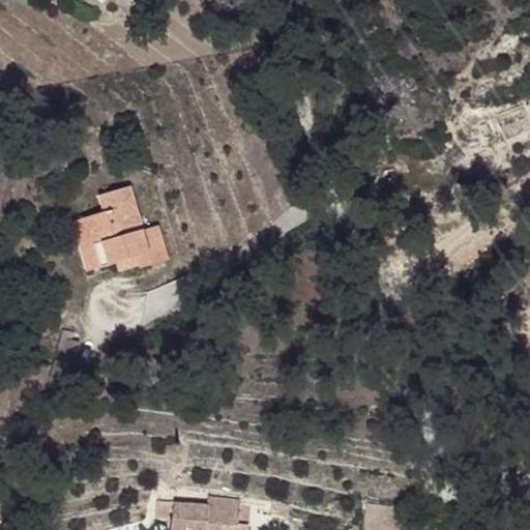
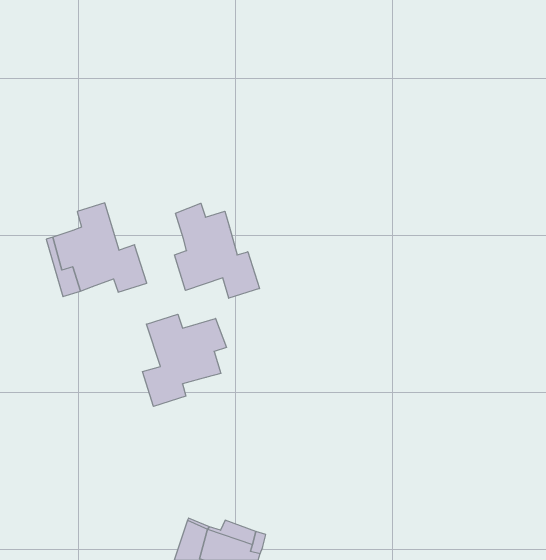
building: none -> [175,203,259,298]
building: none -> [143,314,226,406]

